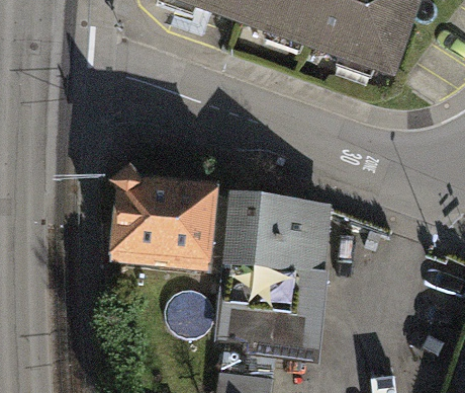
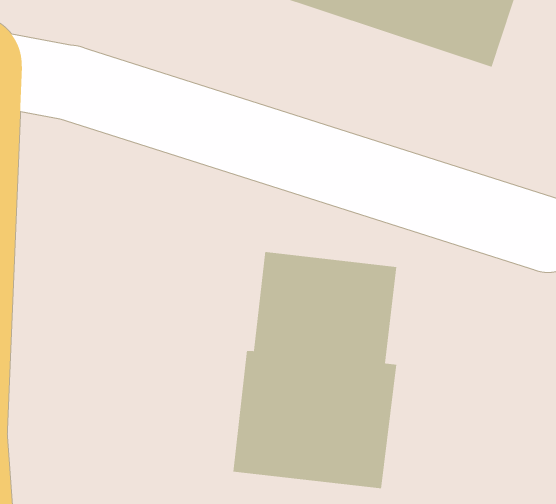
building: [110,162,222,269] -> none

